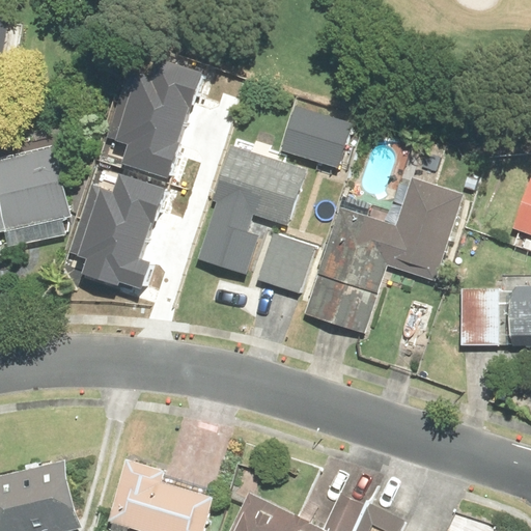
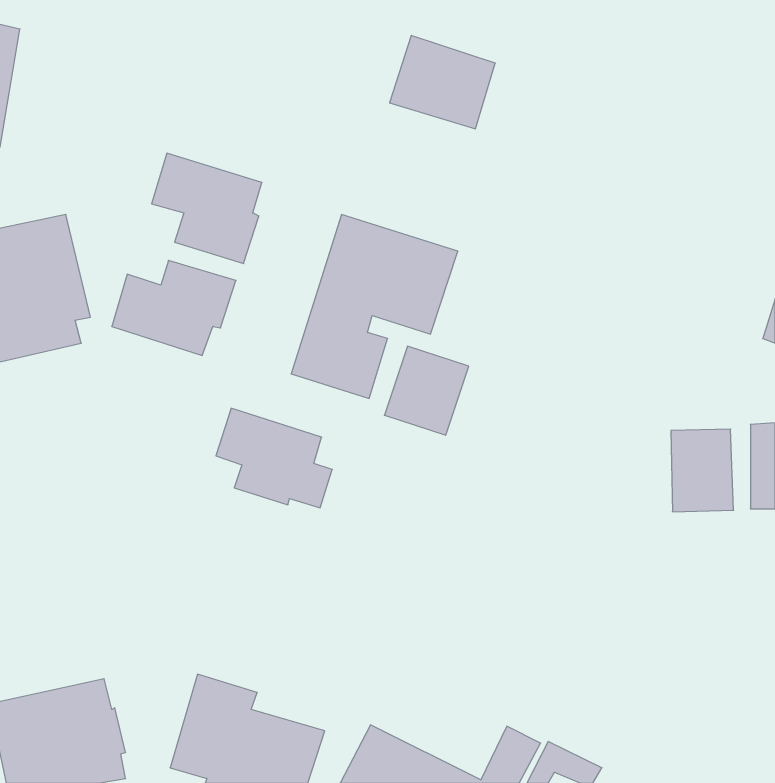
building: [113,58,199,123] -> none
building: [280,105,352,168] -> [390,36,495,129]
building: [307,177,467,334] -> none
building: [65,221,144,288] -> [216,408,332,508]

